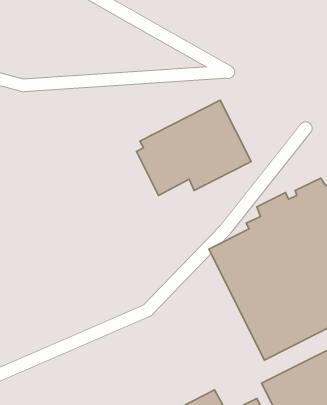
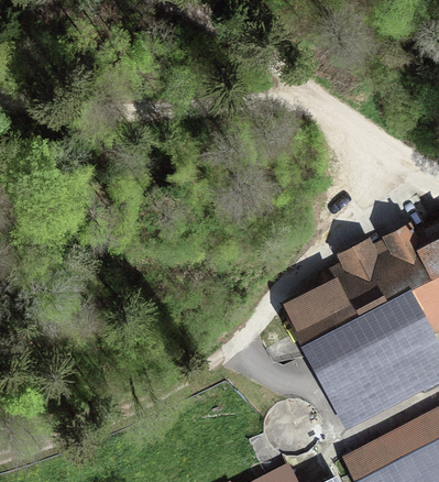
building: [136,100,251,195] -> none

